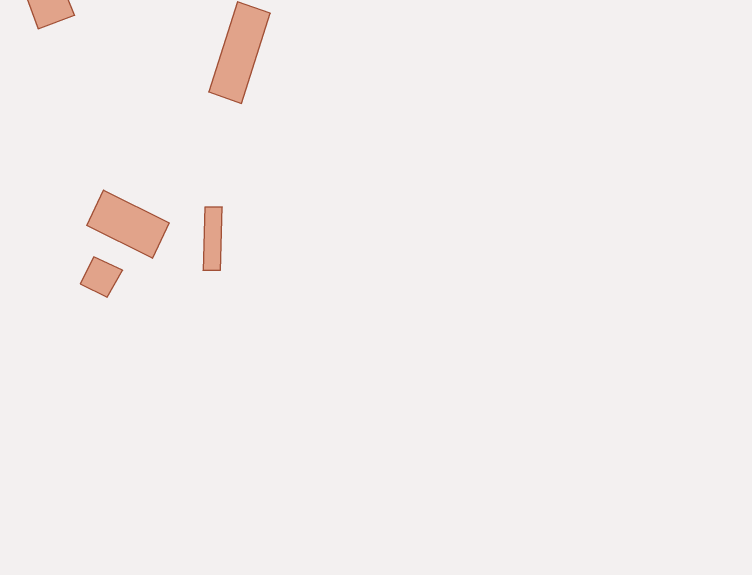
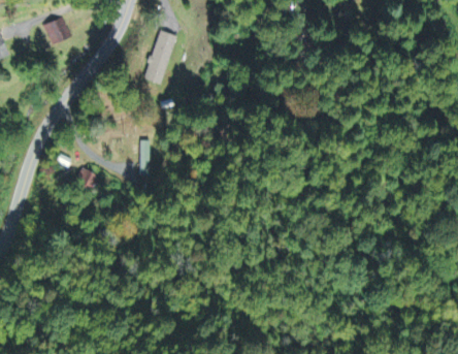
building: [87,190,169,258] -> none

